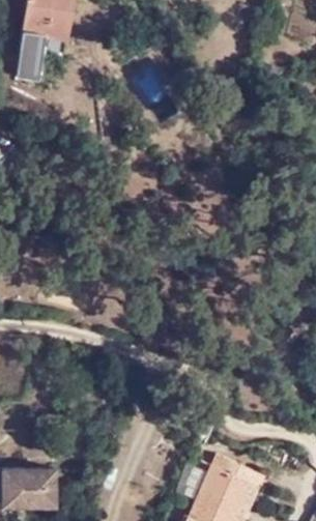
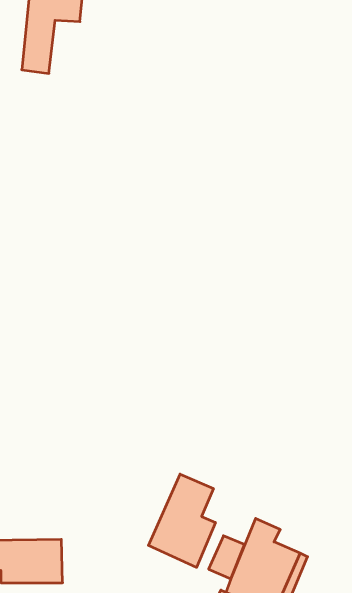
building: none -> [148,474,215,567]

